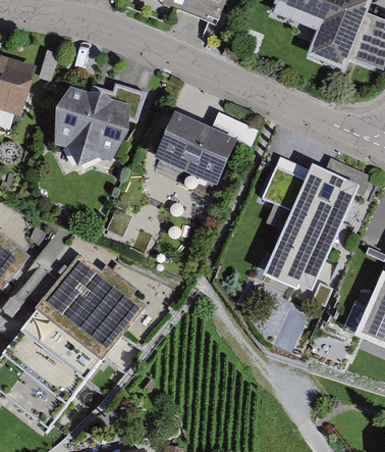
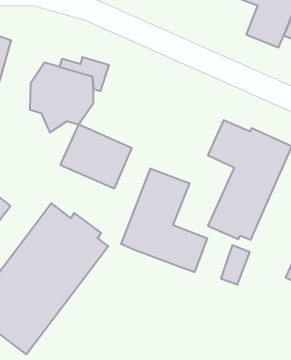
building: [154,114,237,189] -> [60,125,132,188]
building: none -> [121,168,207,272]

